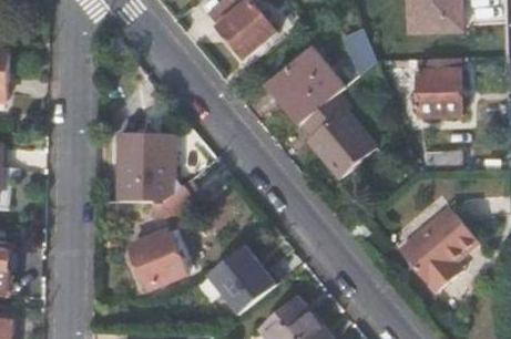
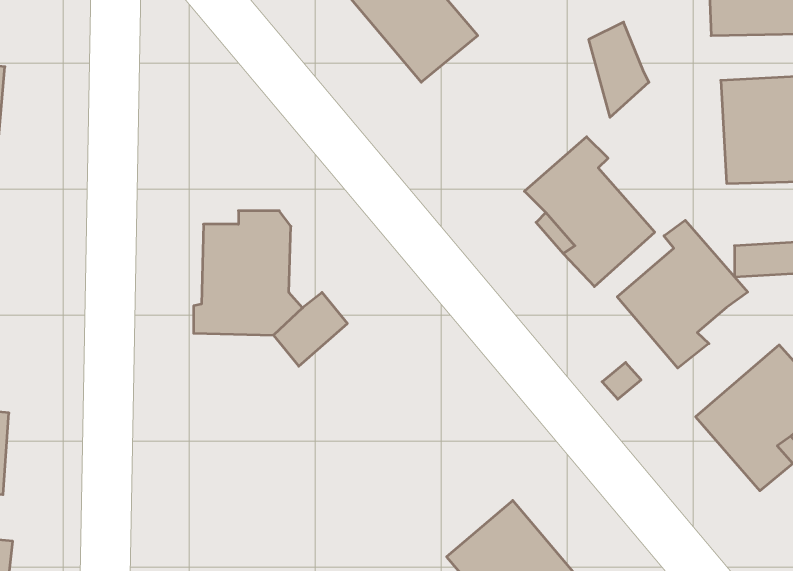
building: [269,43,346,121] -> none
building: none -> [617,220,748,368]
building: [129,228,184,288] -> none
building: [207,246,279,314] -> none

